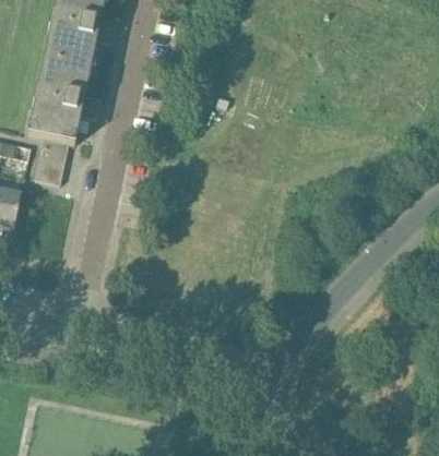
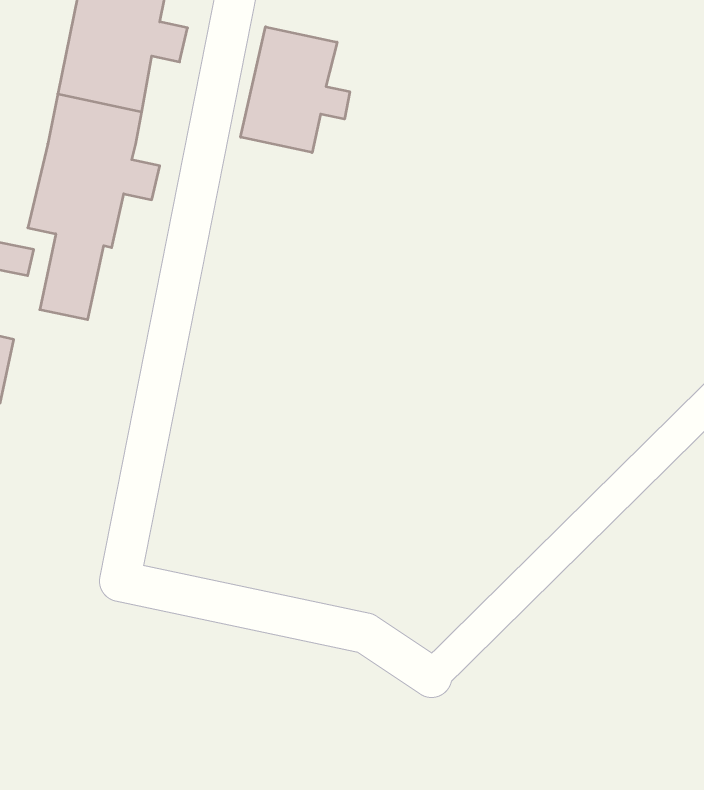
building: none -> [241,27,350,153]

